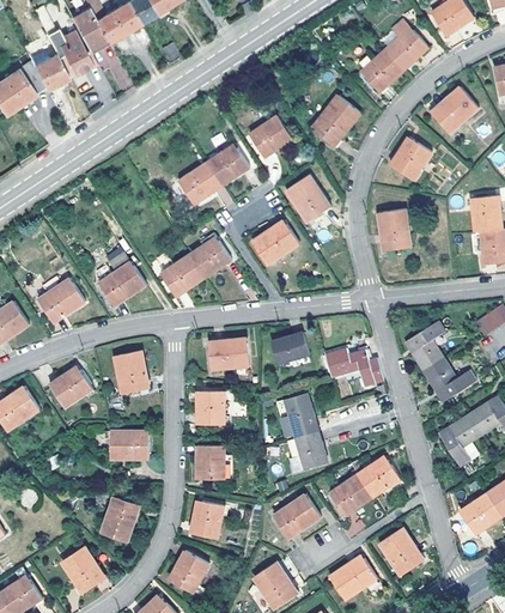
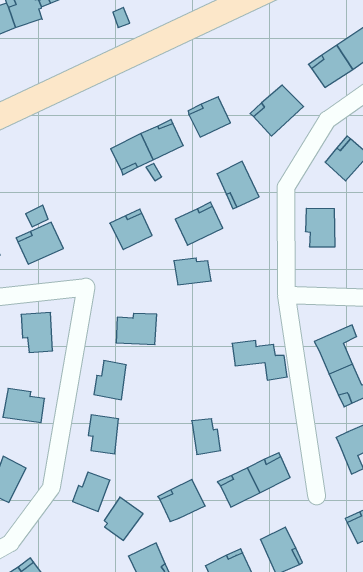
building: [152,254,205,298] -> none
building: [270,336,310,365] -> [174,258,211,285]
building: [285,394,315,437] -> none
building: [171,551,208,593] -> [104,497,143,540]

